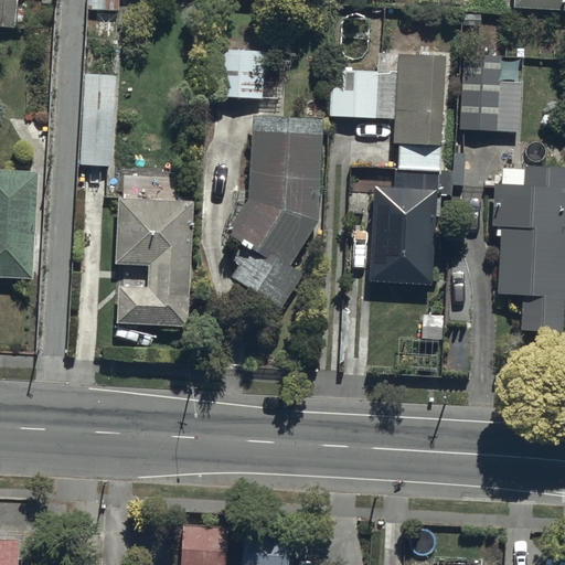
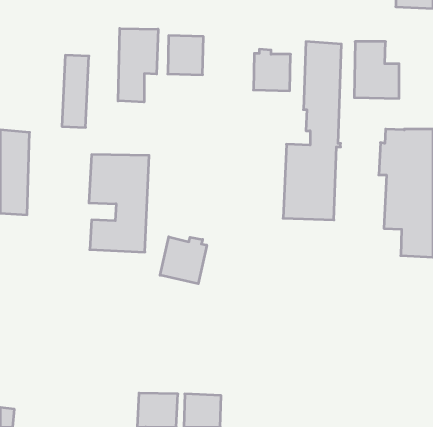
building: none -> [118,28,158,102]
building: [226,115,324,308] -> none
building: none -> [160,237,207,284]

